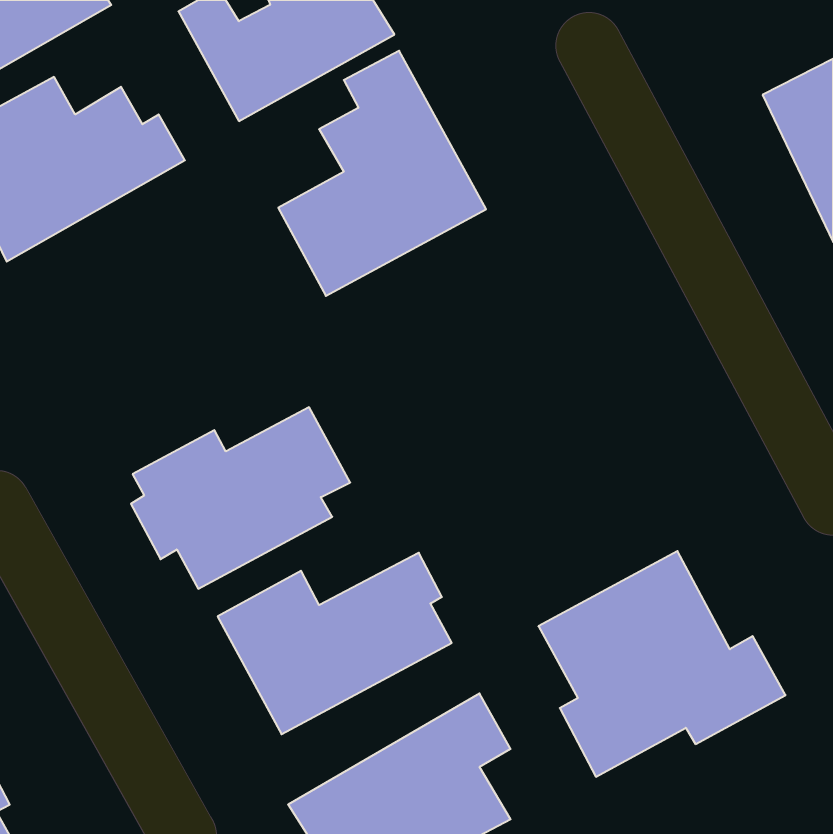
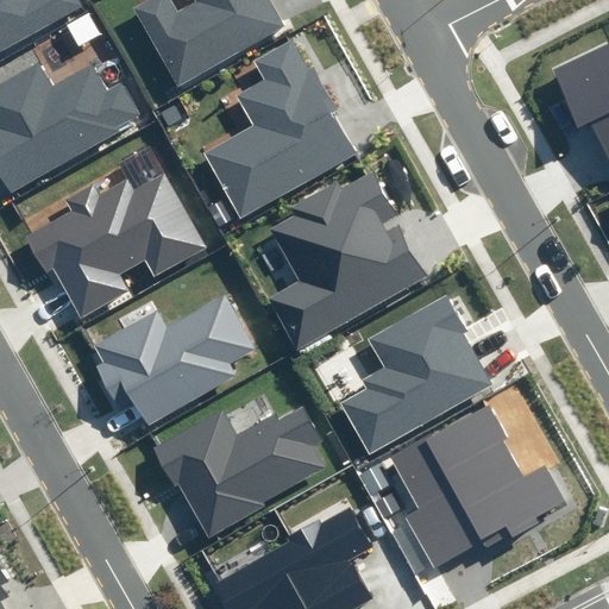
building: none -> [266,172,428,350]
building: none -> [26,174,209,315]
building: none -> [343,299,492,451]

